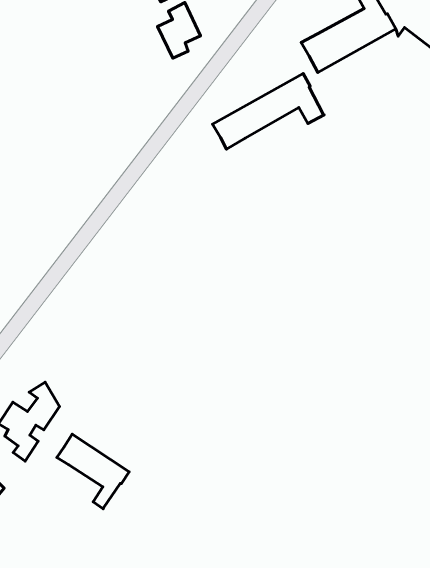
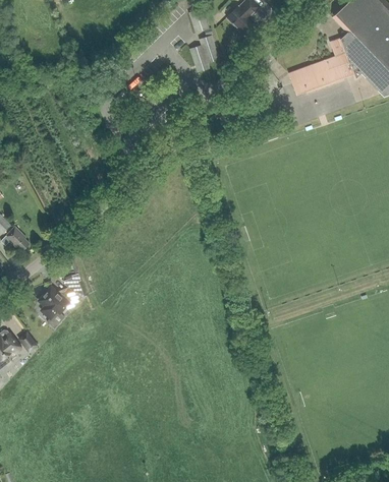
building: [212,74,324,149] -> none
building: [57,434,129,509] -> none

